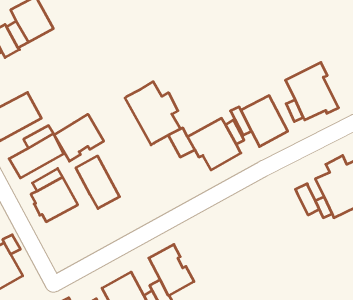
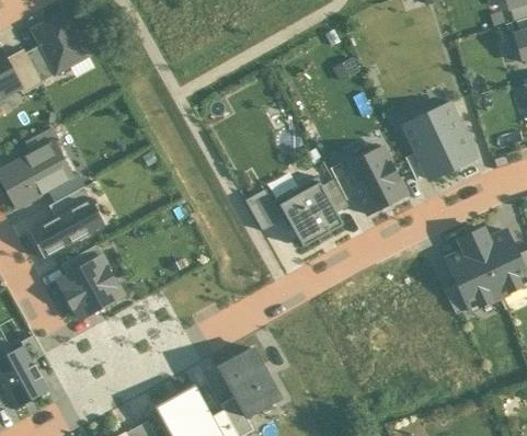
building: [125,82,180,145] -> none
building: [54,114,104,161] -> none
building: [76,156,120,209] -> none
building: [295,184,319,215] -> none

